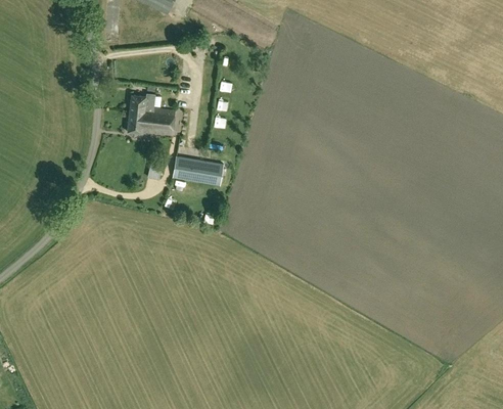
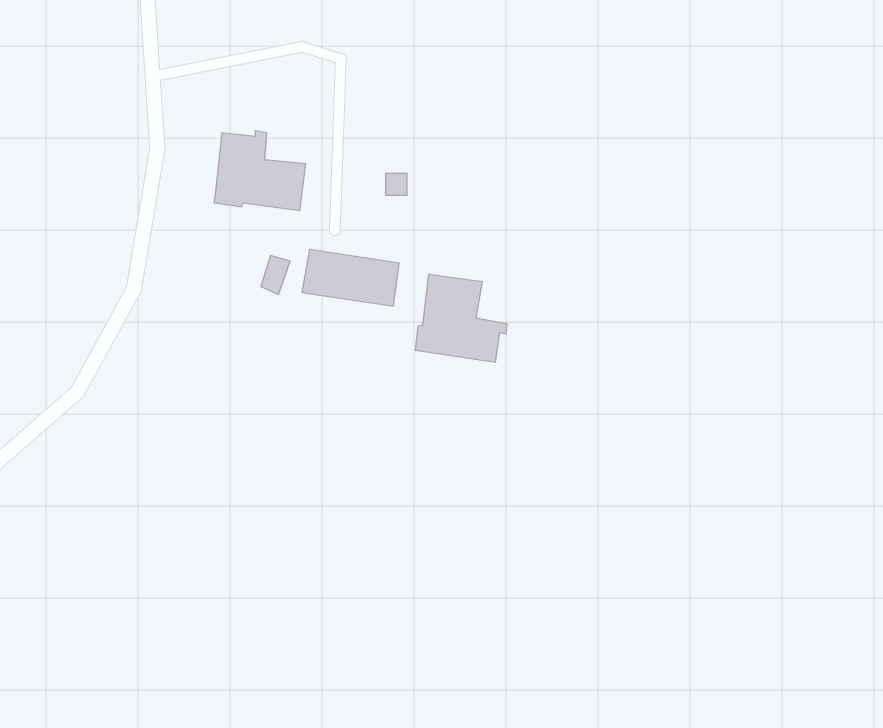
building: none -> [415,274,507,362]

